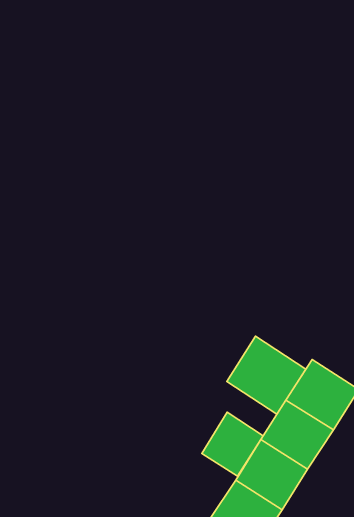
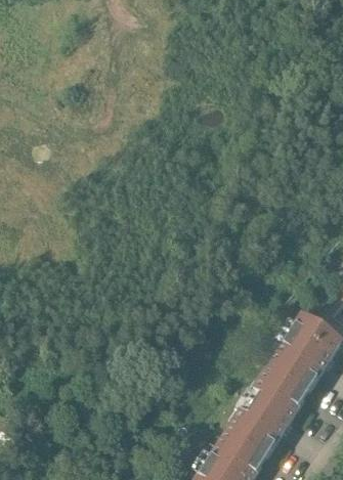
building: [227,336,306,414] -> none
building: [202,412,263,476] -> none

